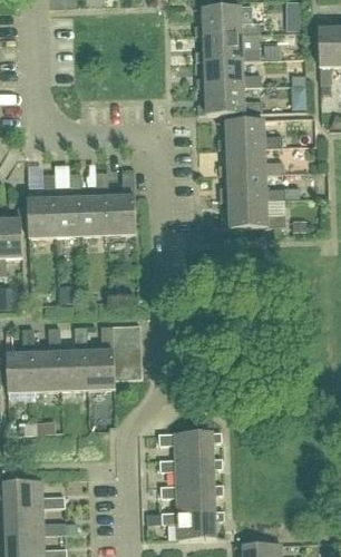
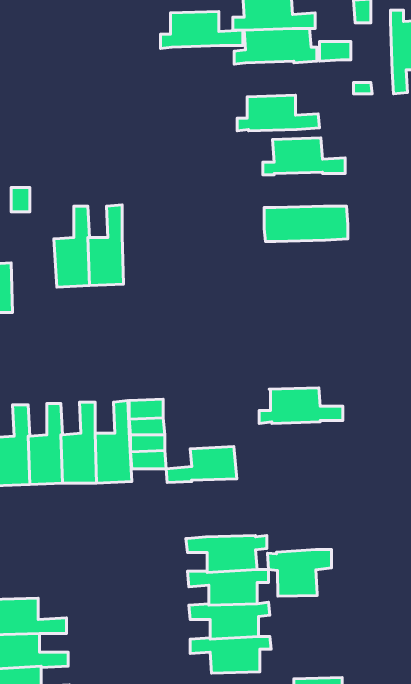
building: [196,59,261,88] -> [160,12,243,48]
building: [218,146,283,174] -> none
building: [107,170,135,234] -> none
building: [27,174,56,237] -> none
building: [220,199,285,227] -> [259,388,343,423]
building: none -> [166,447,237,482]
building: none -> [267,549,332,596]

